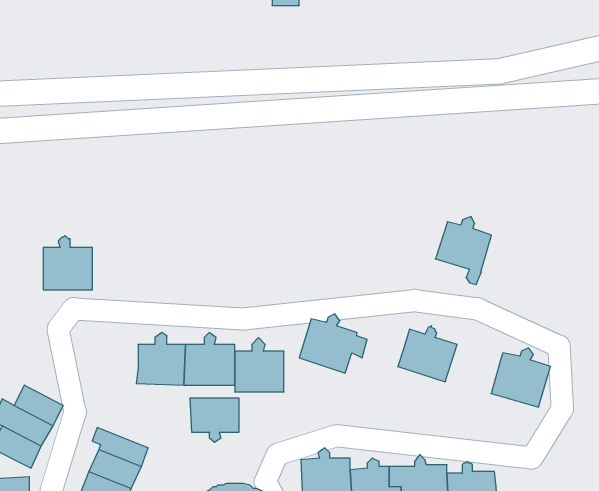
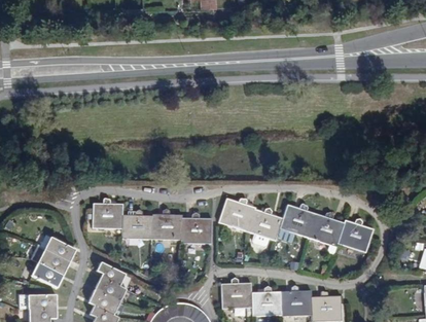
building: [435,217,491,284] -> [309,211,343,252]
building: [43,236,92,290] -> [93,195,122,228]
building: none -> [248,206,283,245]
building: [190,398,239,442] -> none

